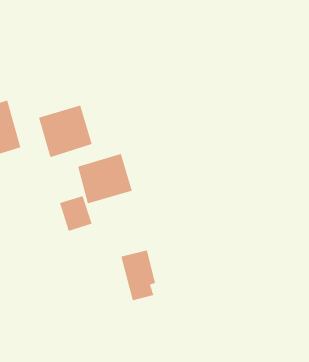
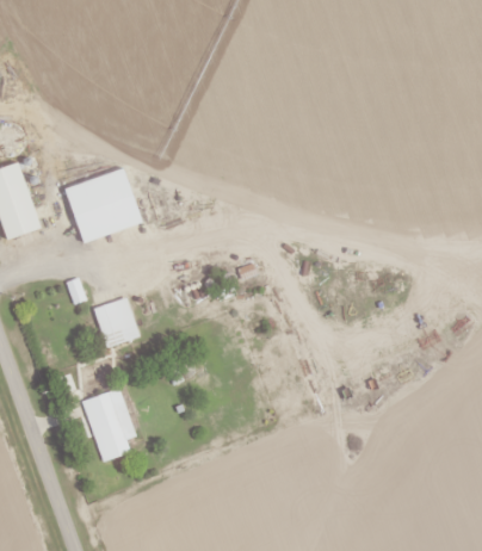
building: [77,153,132,204] -> none
building: [121,250,156,301] -> [85,388,135,460]

